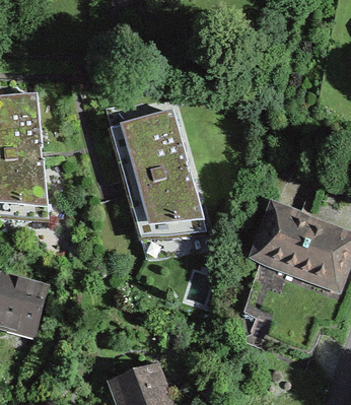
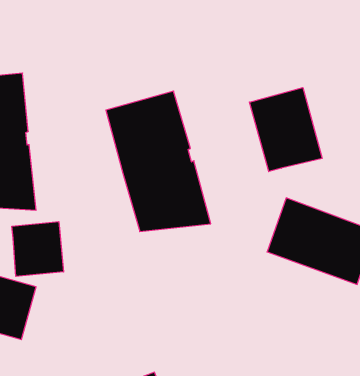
building: none -> [249,88,322,172]
building: none -> [12,222,64,276]

